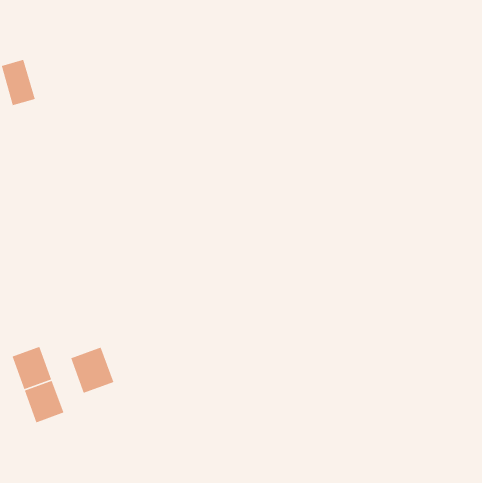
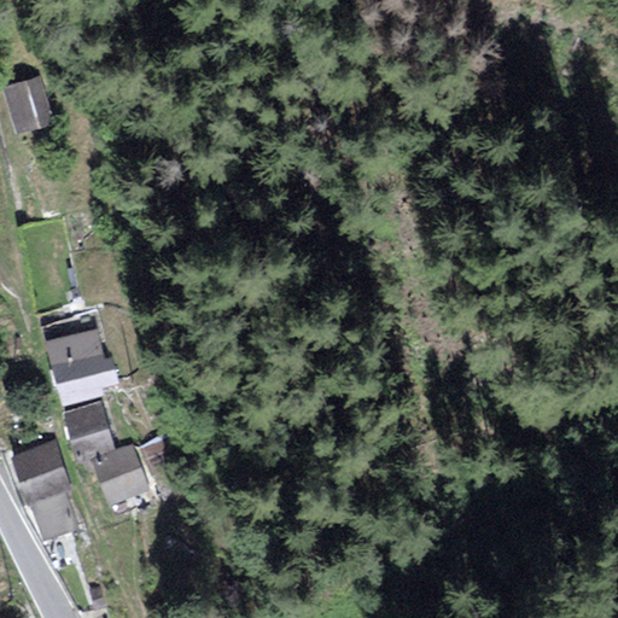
building: none -> [45,333,99,404]
building: none -> [69,403,112,453]

